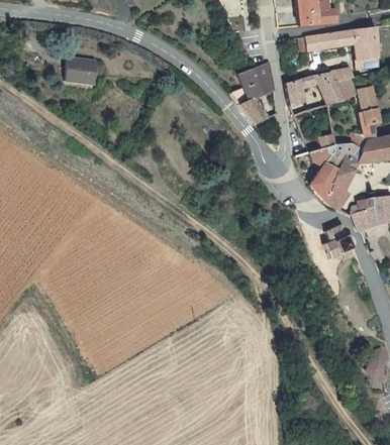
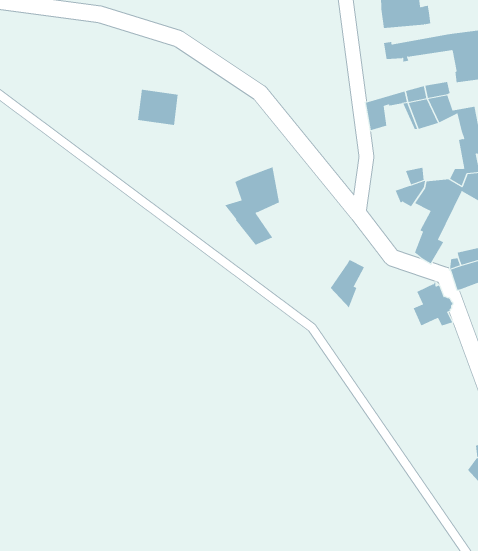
building: [66,57,98,85] -> [137,89,179,125]
building: [231,63,275,124] -> [224,166,280,245]
building: [309,162,336,201] -> [330,259,365,308]

